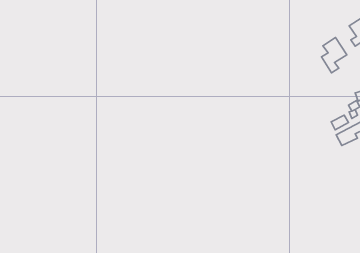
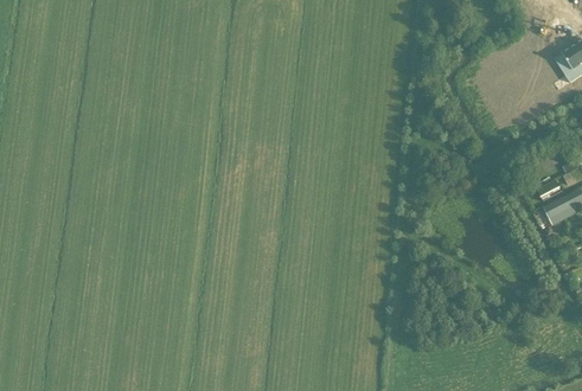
building: [321,37,347,73] -> none

